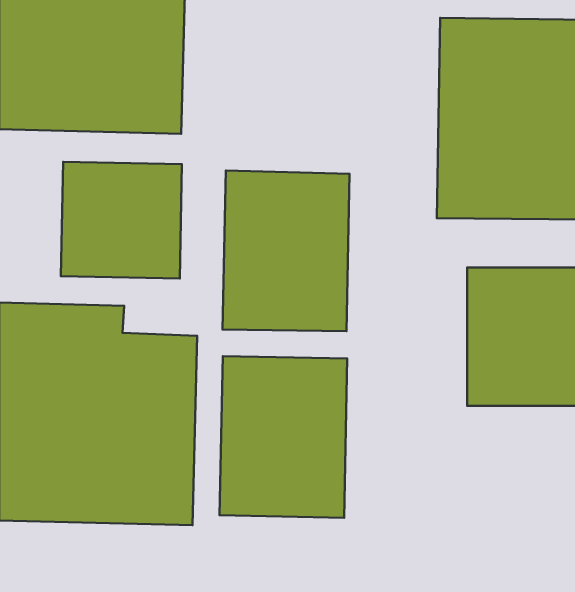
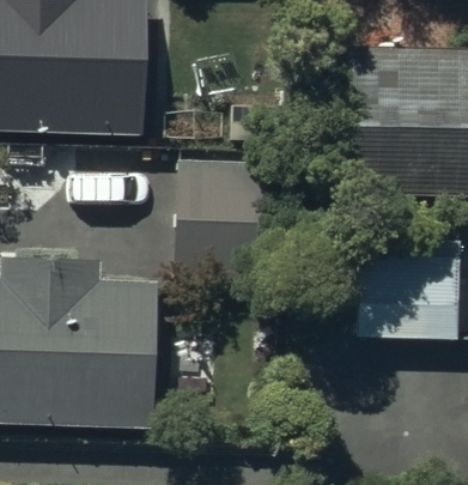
building: [61,162,182,278] -> none
building: [220,356,347,518] -> none

